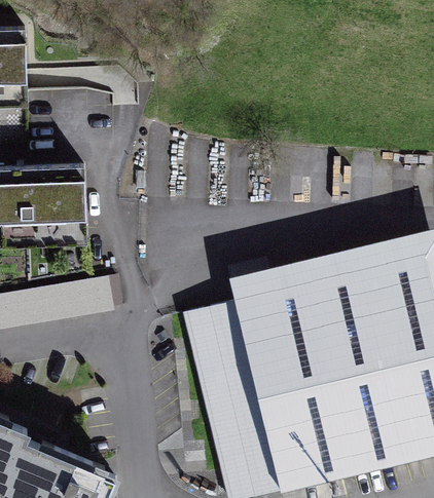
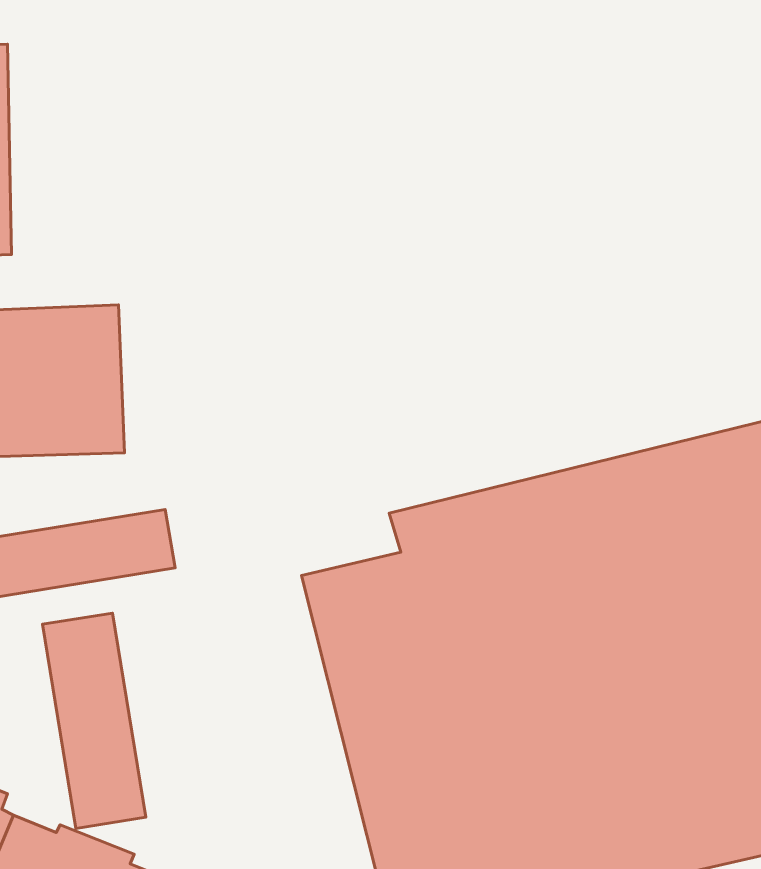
building: none -> [43,613,146,828]

